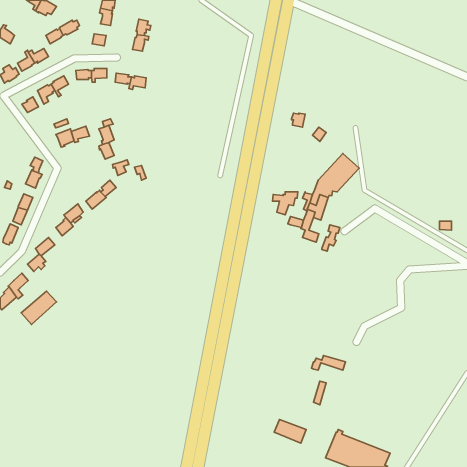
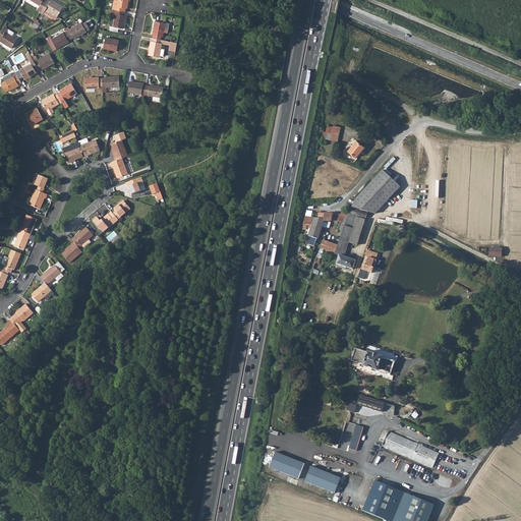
building: [21,291,57,325] -> none
building: none -> [351,344,397,372]
building: none -> [382,430,439,467]
building: none -> [270,453,305,480]

